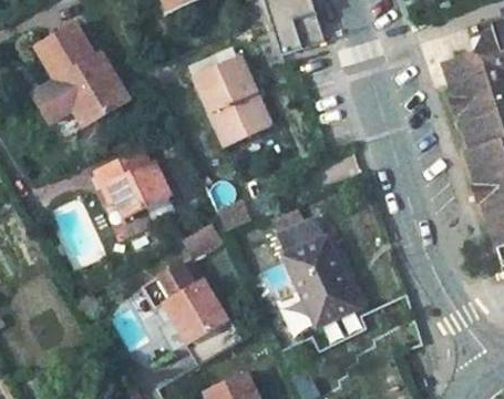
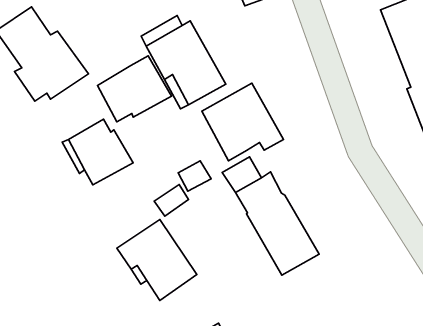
building: none -> [97,56,172,122]
building: none -> [202,83,283,161]

